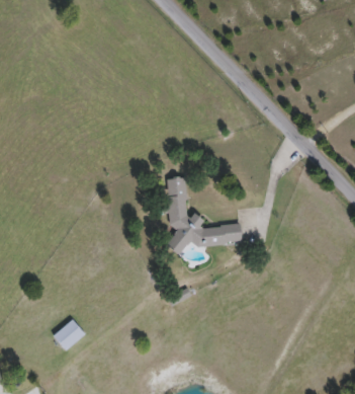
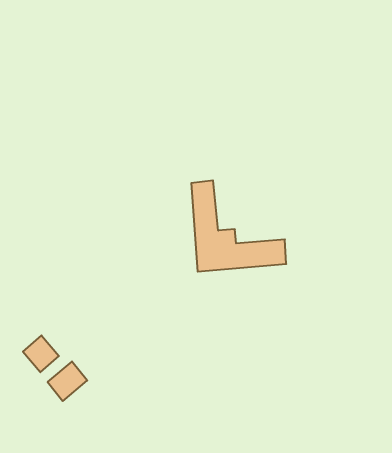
building: none -> [23,335,59,372]

